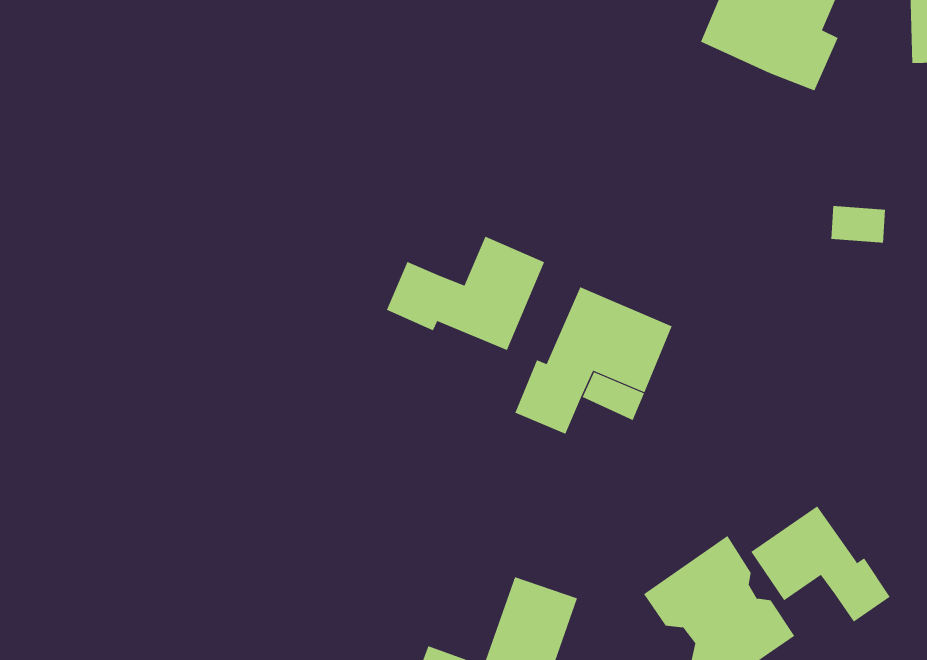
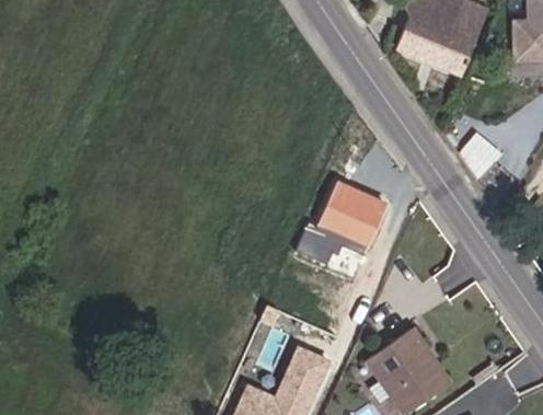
building: [386,236,545,351] -> none
building: [751,506,891,622] -> none

